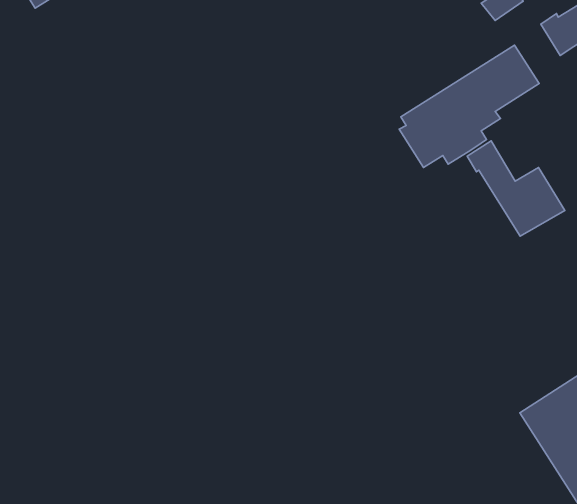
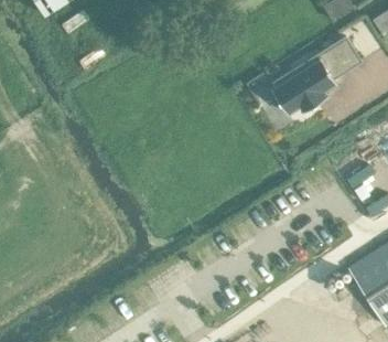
building: [467,141,565,236] -> none

